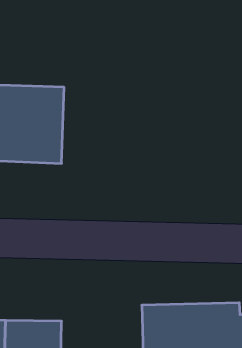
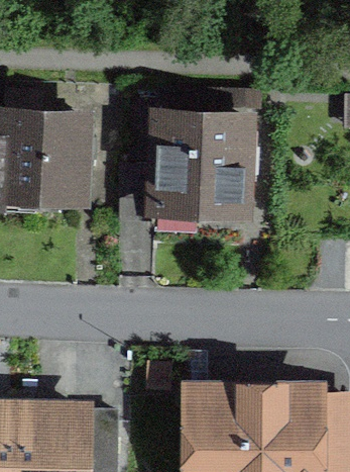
building: none -> [151,111,258,216]

